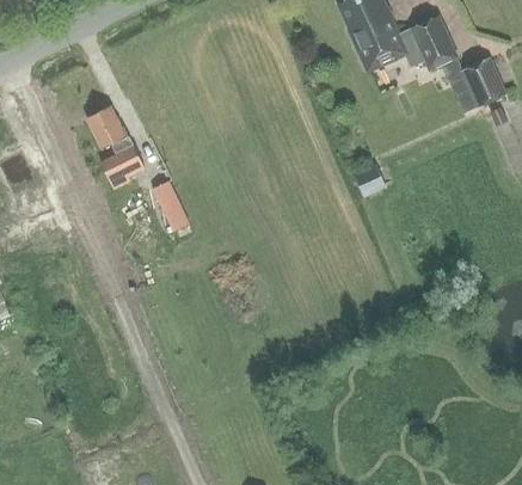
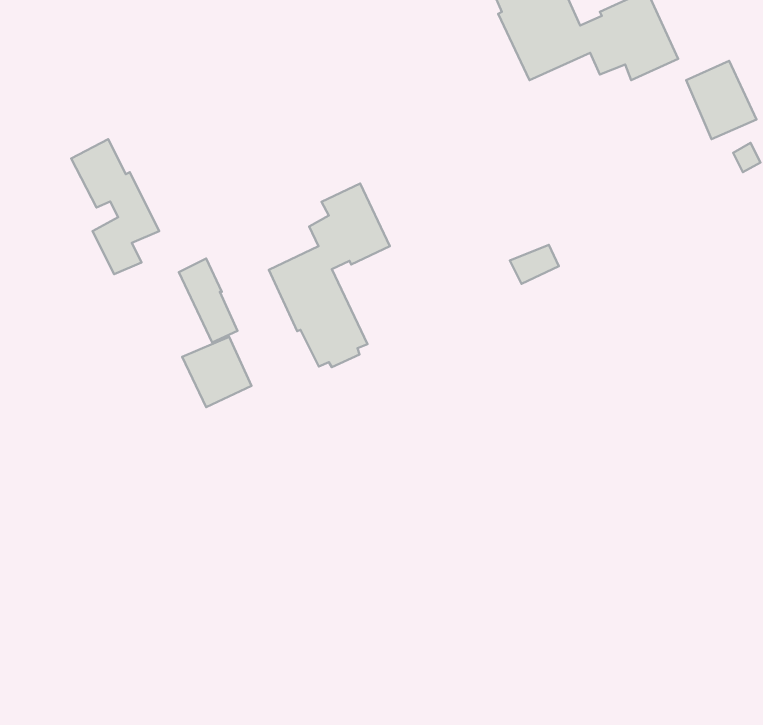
building: none -> [269,184,390,367]
building: none -> [182,337,252,407]

